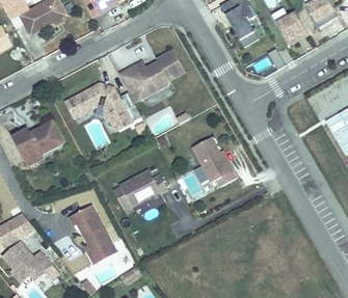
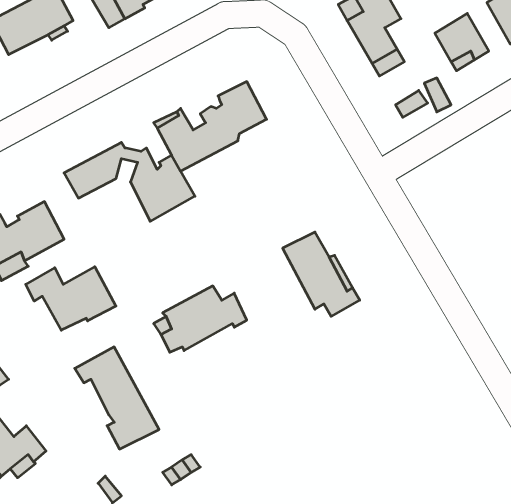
building: none -> [26,267,116,330]

